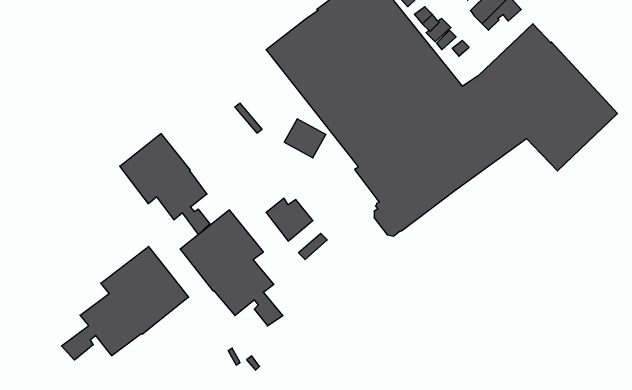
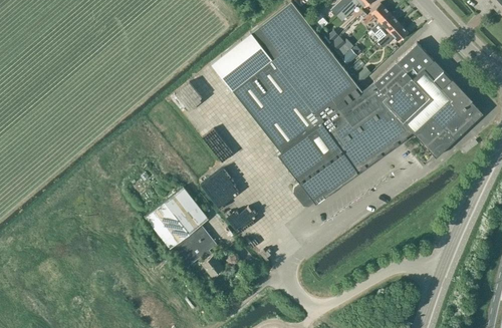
building: [120,134,210,235] -> none
building: [61,246,189,360] -> none

